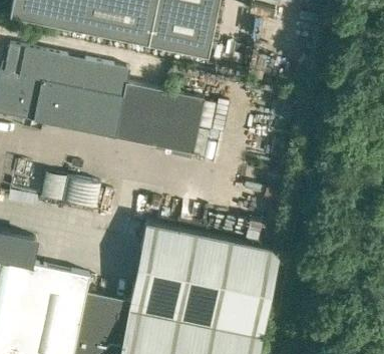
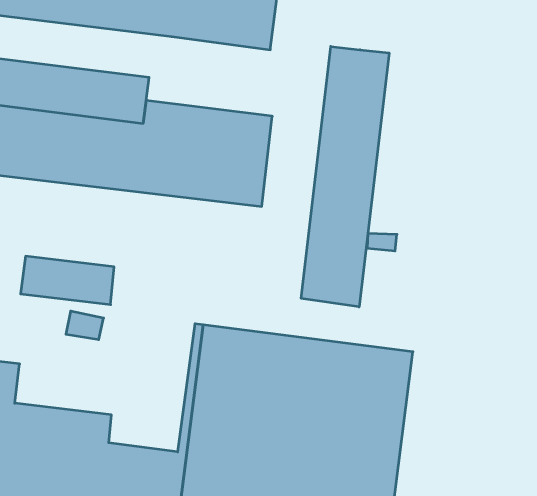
building: none -> [301,46,389,307]

